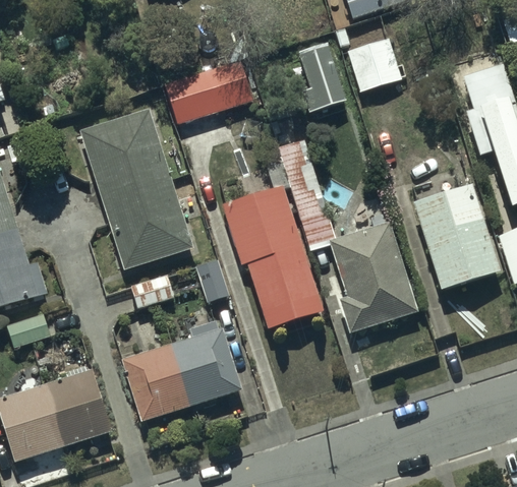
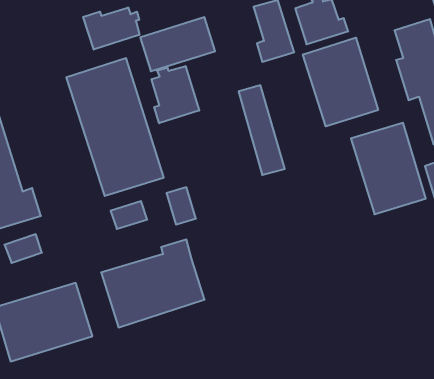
building: none -> [83,7,139,50]
building: none -> [303,38,378,126]
building: none -> [152,66,199,123]
building: [222,184,324,329] -> none
building: [329,223,418,333] -> none

